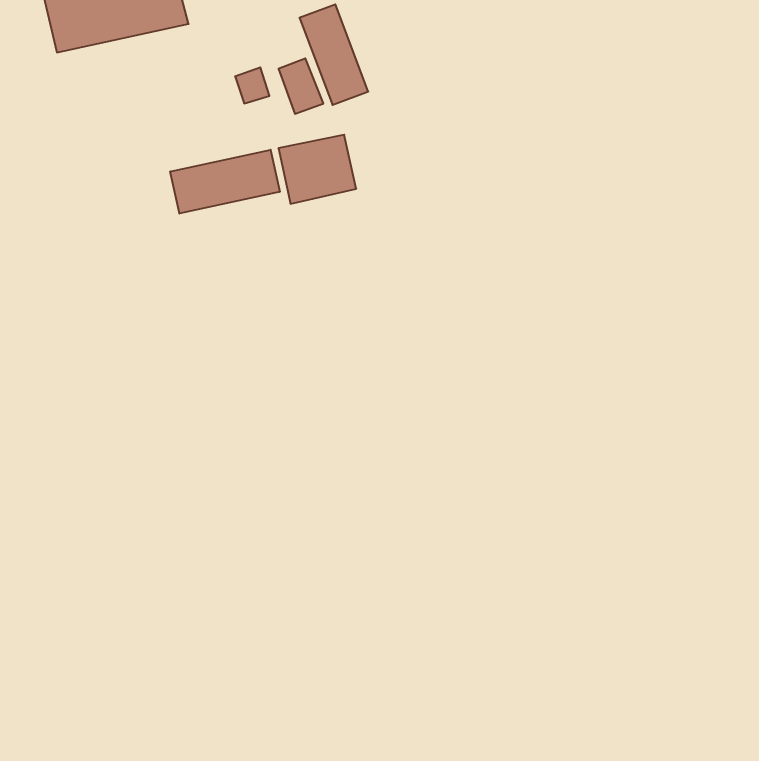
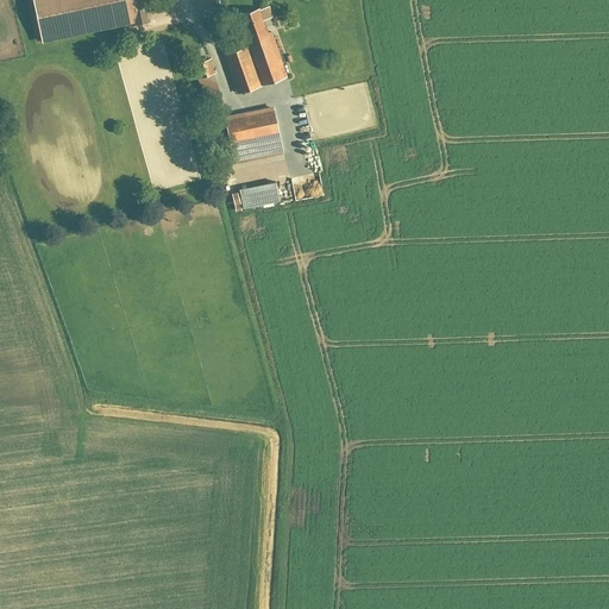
building: [170,150,280,214] -> none
building: none -> [237,183,277,207]

